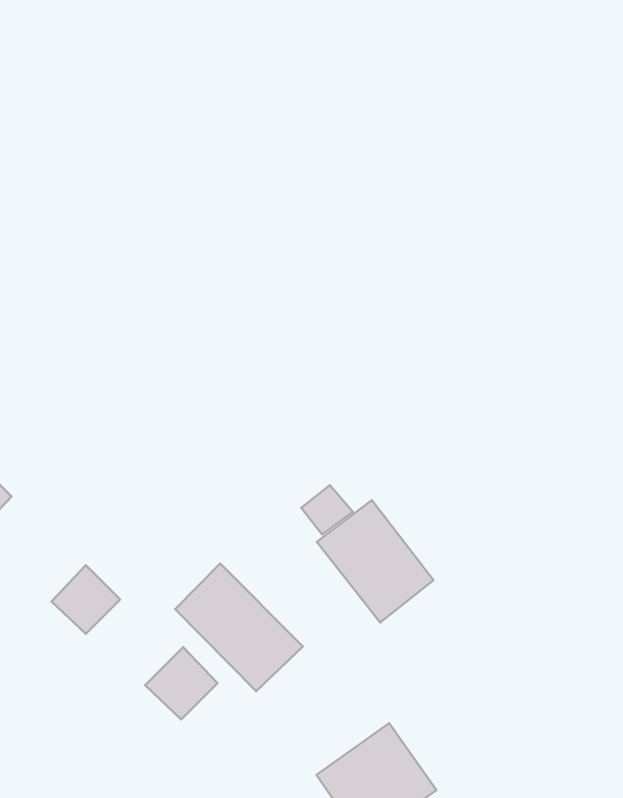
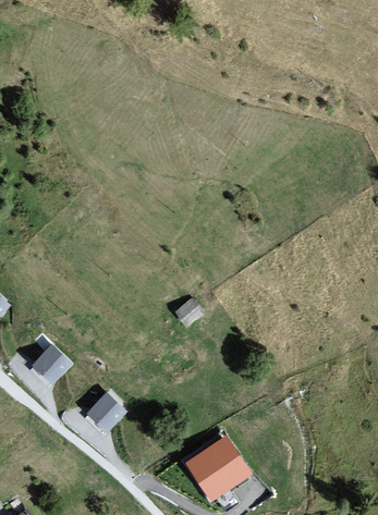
building: [317,500,433,622] -> none
building: [175,564,303,691] -> none

